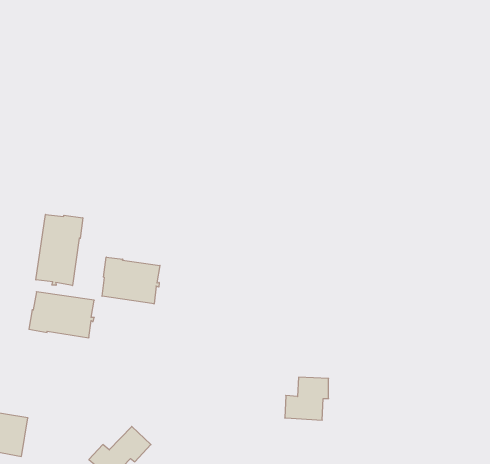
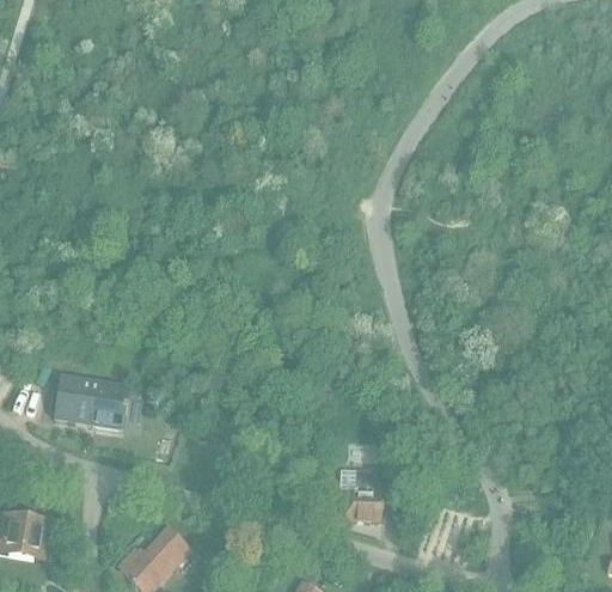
building: [36,214,83,286] -> none
building: [102,257,160,304] -> none

